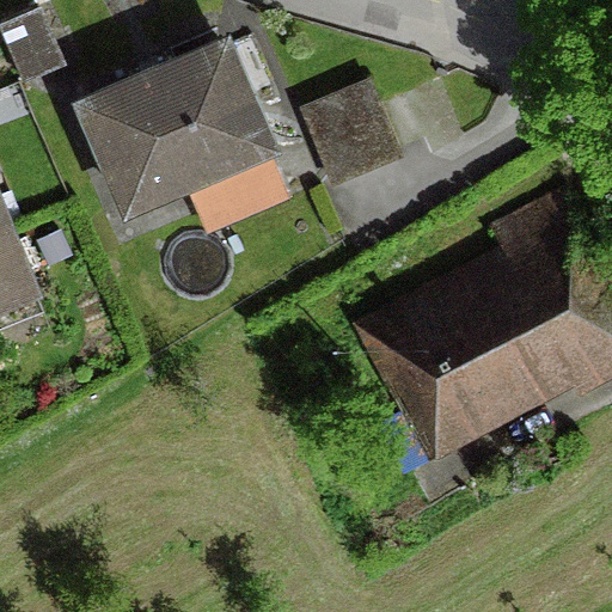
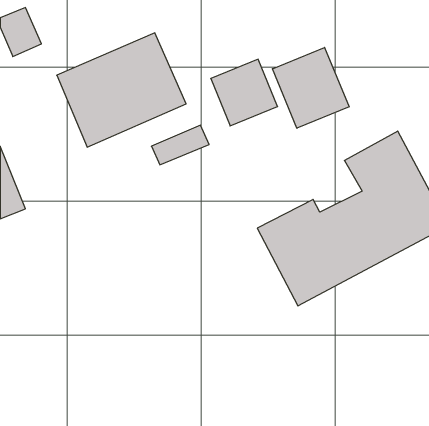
building: none -> [272,47,349,128]

